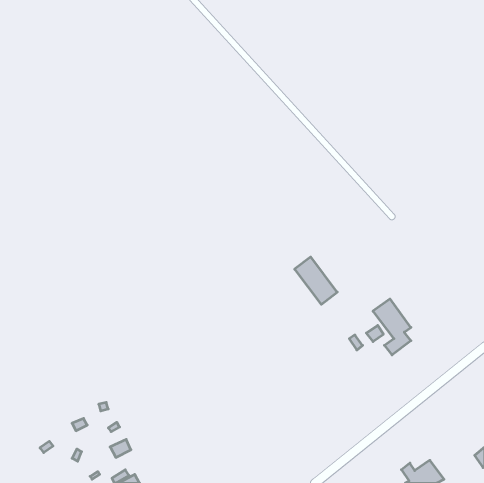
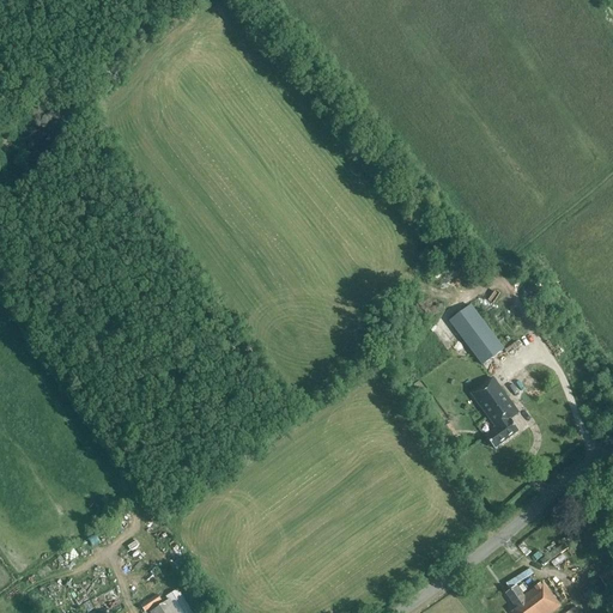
building: [295,257,337,304] -> [450,304,504,364]

